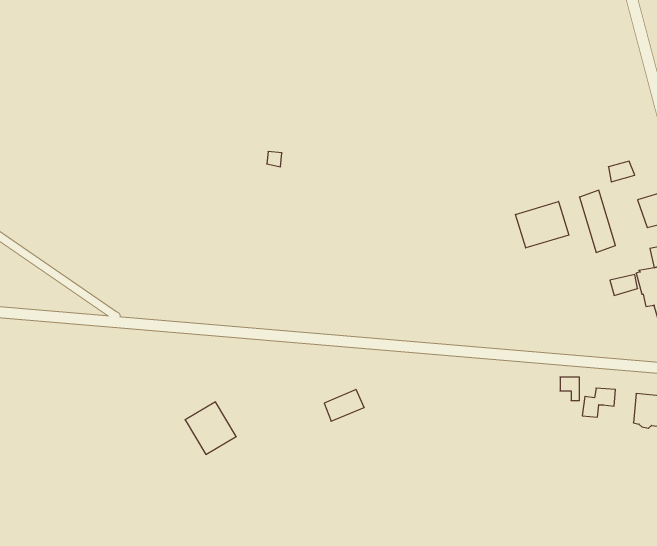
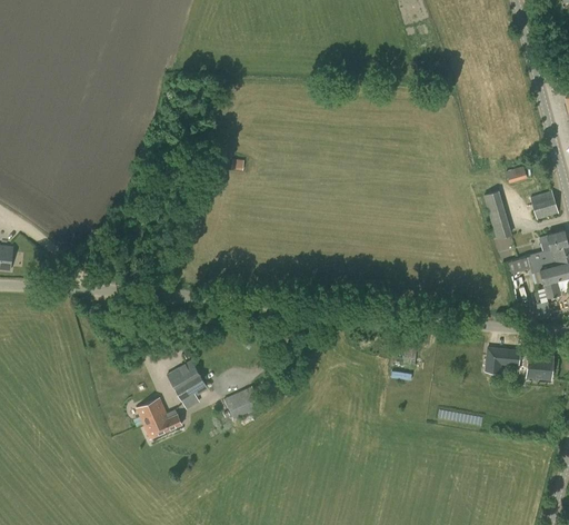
building: [515,201,569,248] -> none
building: [324,389,364,421] -> [227,387,259,413]
building: none -> [137,398,182,439]

